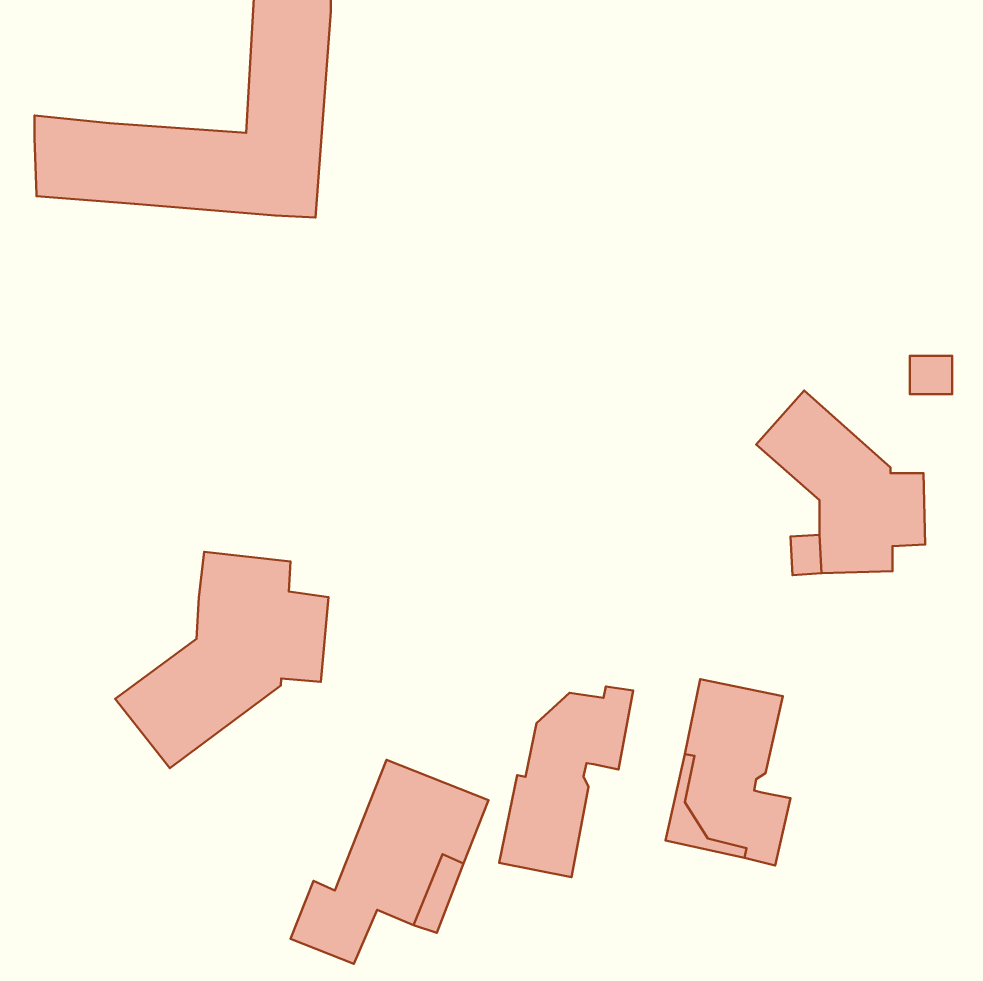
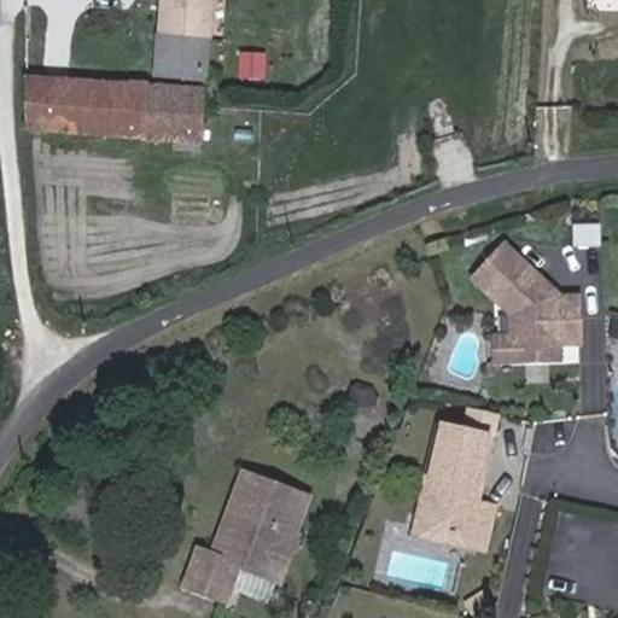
building: [115,552,328,768] -> none
building: [499,686,633,877] -> none

